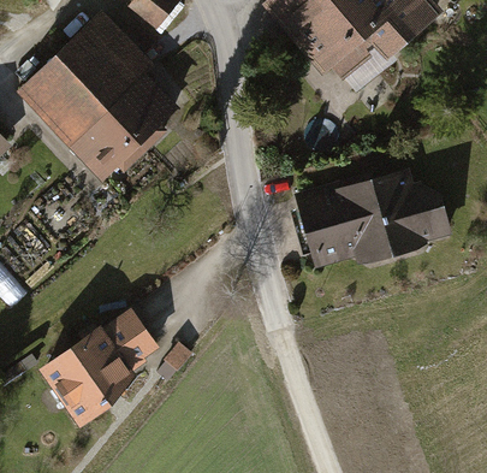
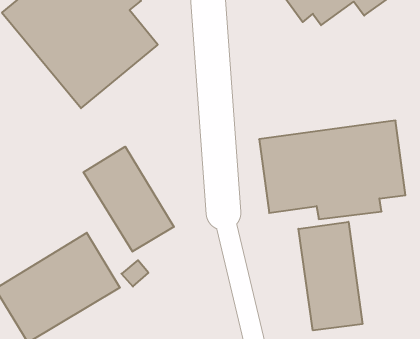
building: none -> [83,147,174,252]
building: none -> [298,222,362,330]

